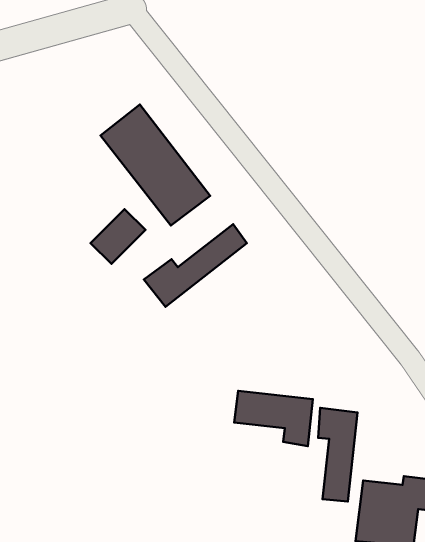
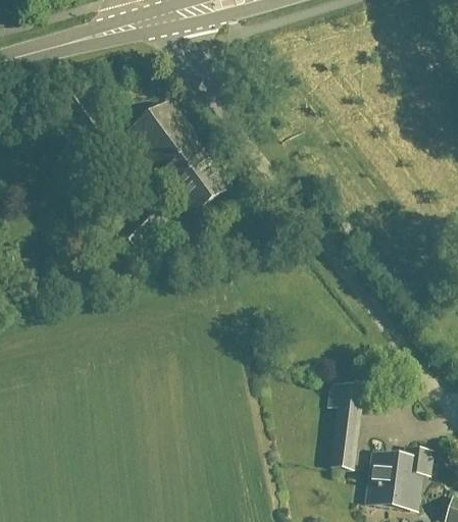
building: [144,224,247,307] -> none
building: [234,391,313,446] -> none

